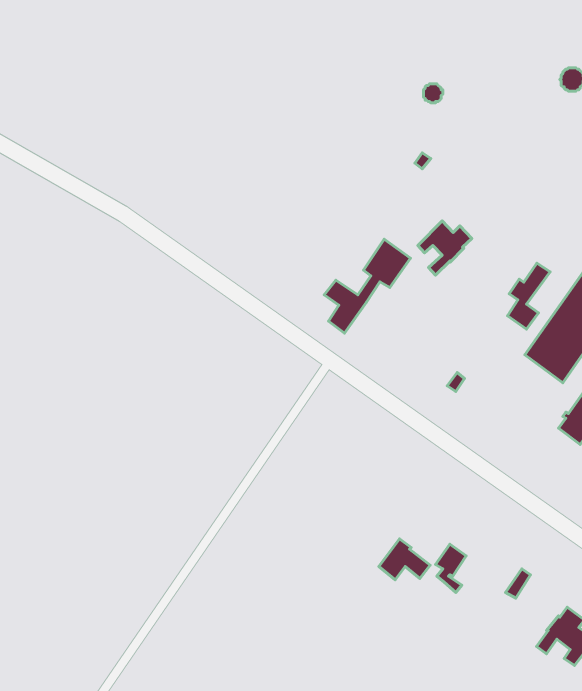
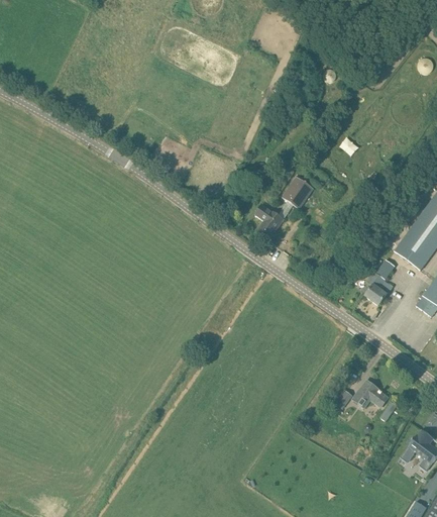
building: [418,221,472,275] -> none
building: [508,263,550,329] -> [365,258,395,304]
building: [379,539,430,580] -> [352,379,388,407]

